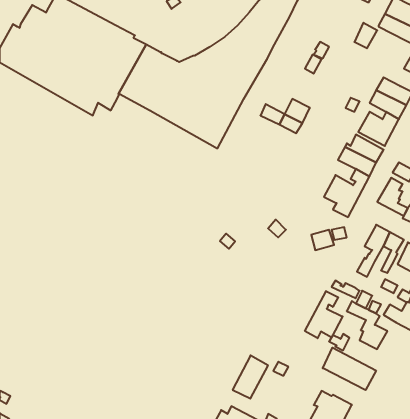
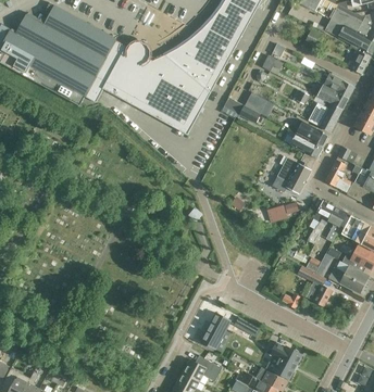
building: [305,291,343,338] -> none
building: [323,348,376,390] -> none

